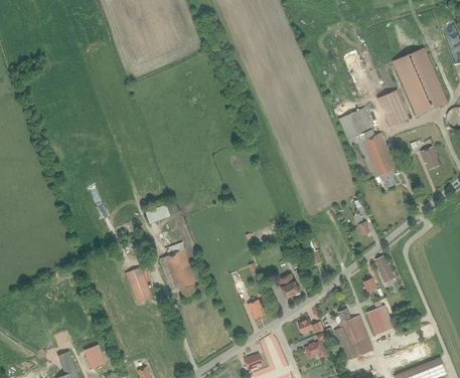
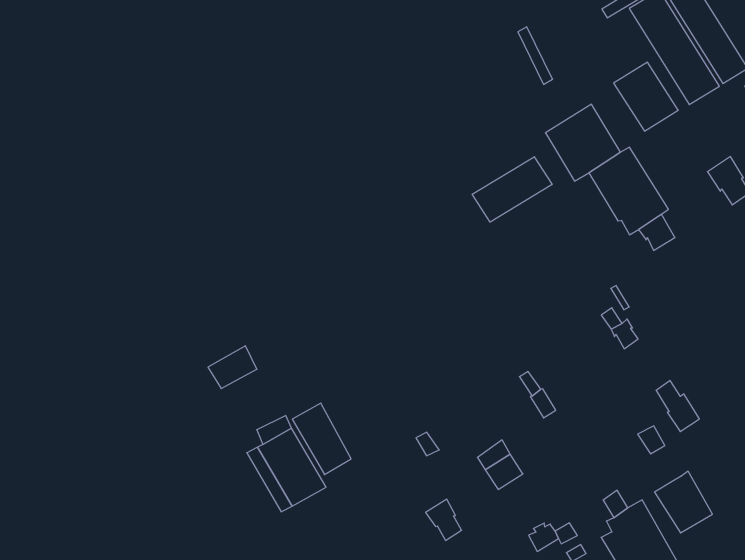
building: none -> [472,157,552,222]
building: [125,266,152,304] -> [292,403,351,475]

